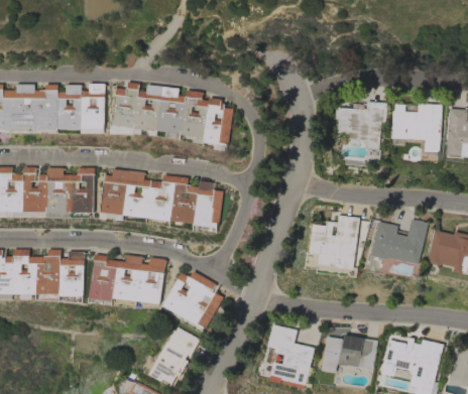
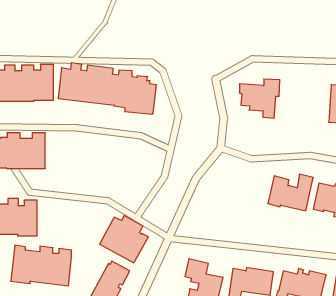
building: [390,104,441,152] -> none
building: [100,169,223,228] -> none
building: [309,216,358,270] -> none
building: [89,254,164,304] -> [11,245,72,286]

